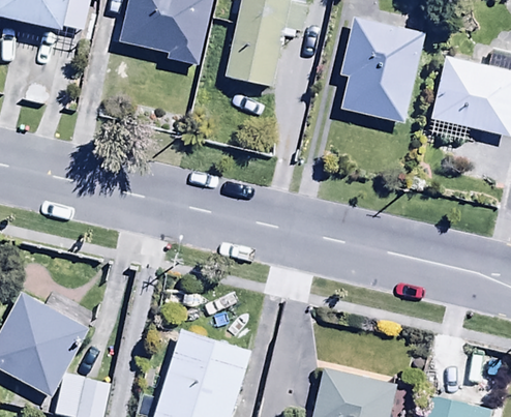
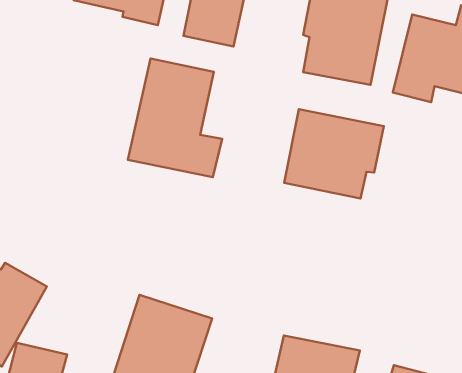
building: none -> [128,59,222,177]
building: none -> [284,109,384,199]

